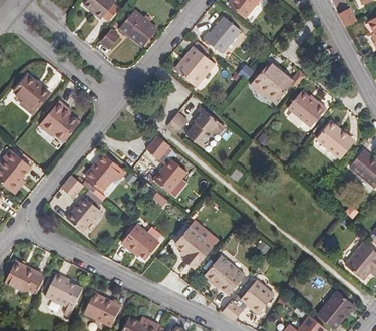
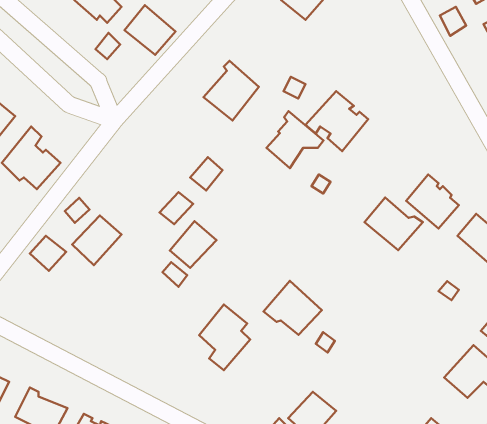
building: [203,19,241,55] -> none
building: [288,93,328,129] -> [365,197,423,250]
building: [189,111,228,150] -> [267,111,324,168]
building: [67,196,101,229] -> none
building: [117,217,154,251] -> none
building: [201,249,241,286] -> [263,281,322,335]

